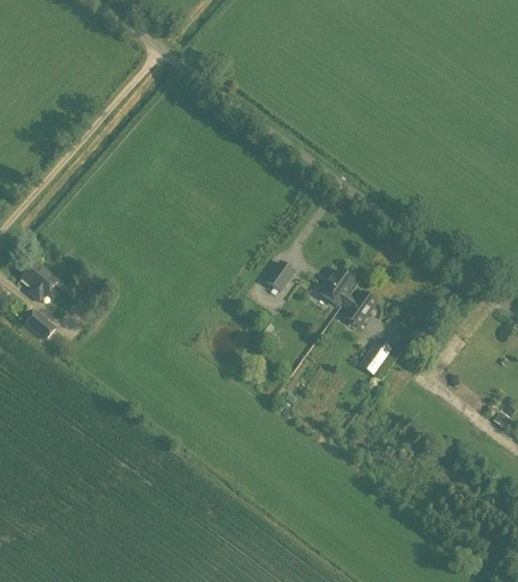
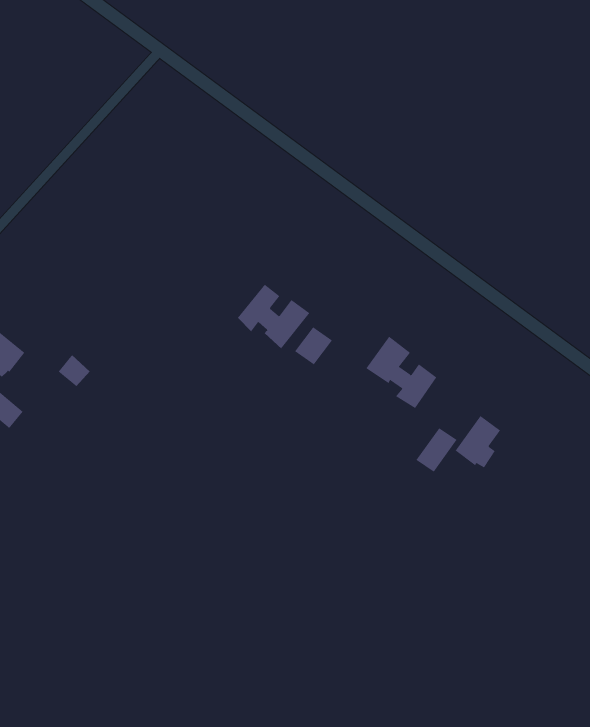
building: none -> [237,284,310,349]
building: none -> [455,415,501,468]

